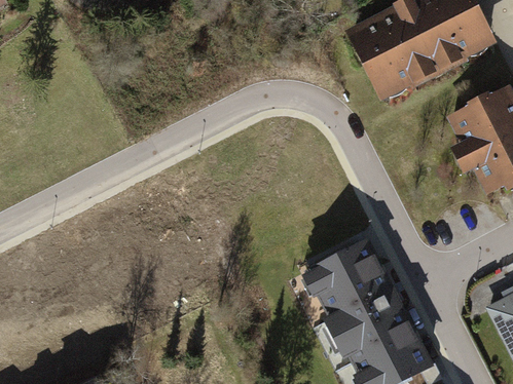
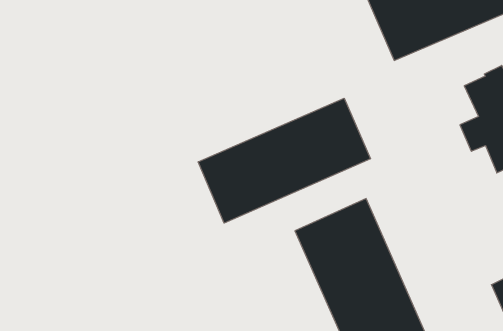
building: none -> [198,98,371,223]

